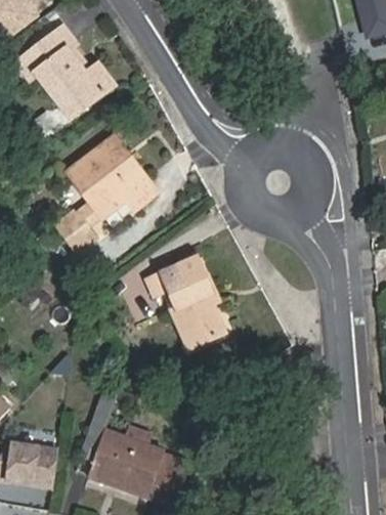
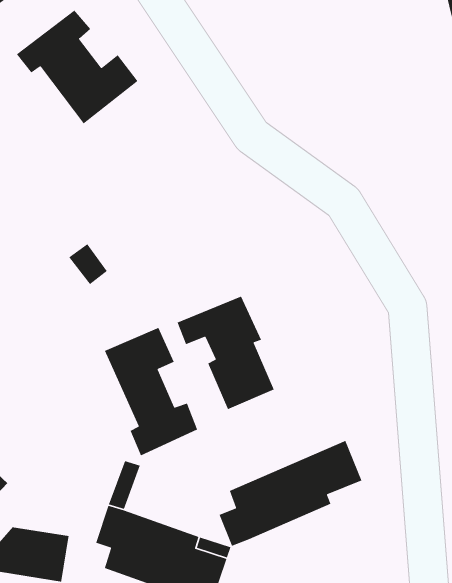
building: [66,134,156,217] -> none
building: none -> [104,327,198,456]
building: none -> [219,440,362,547]

